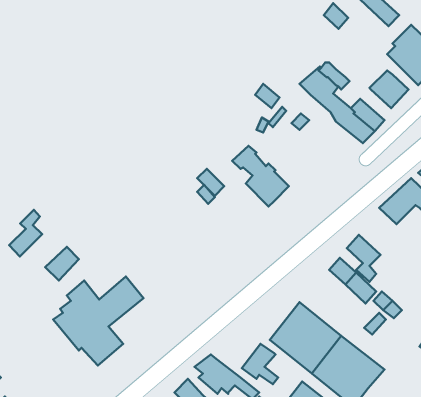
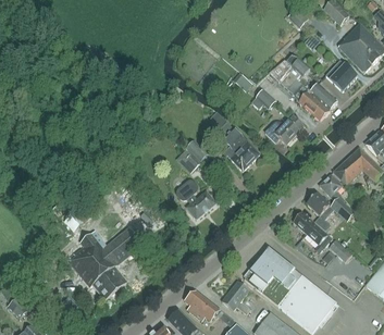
building: none -> [263,114,302,145]
building: [9,210,42,256] -> none
building: none -> [318,173,356,222]
building: none -> [175,178,214,219]

